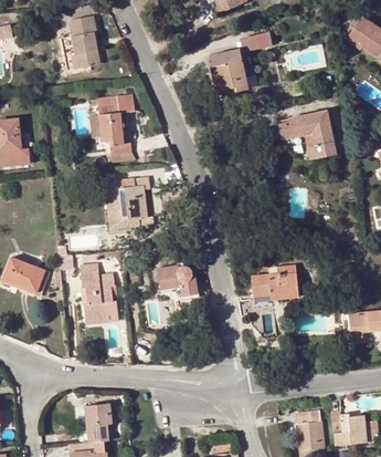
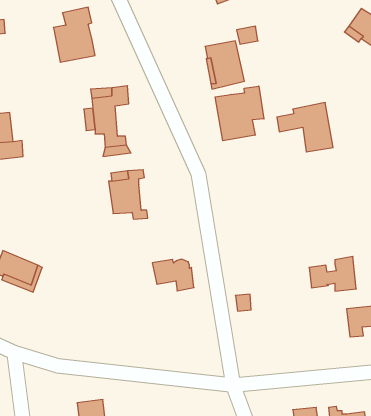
building: none -> [215,86,264,141]
building: [80,264,116,315] -> none
building: [252,264,298,299] -> [309,256,356,291]

